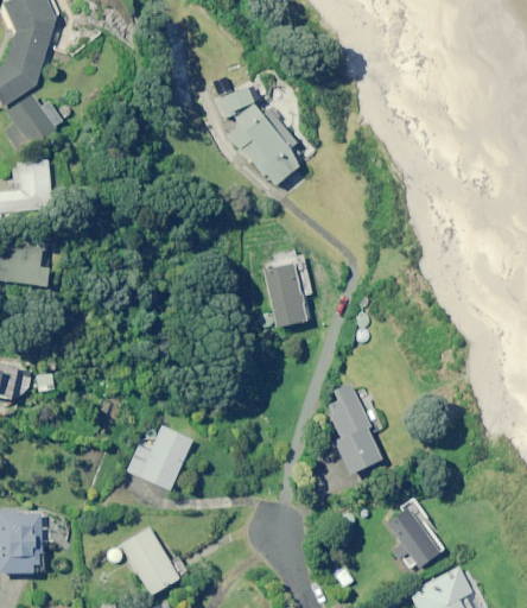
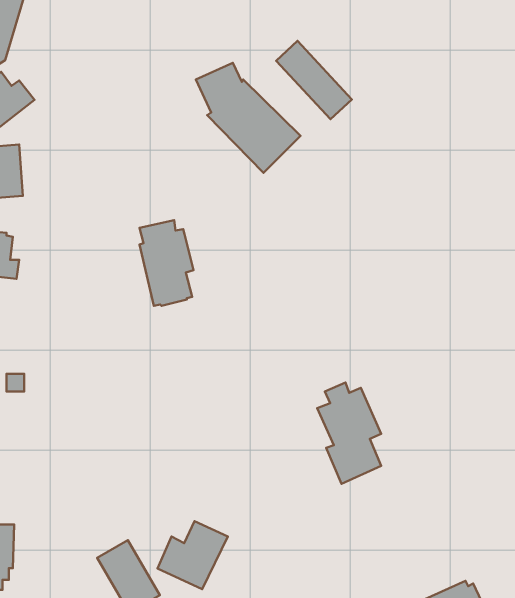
building: none -> [276,41,352,119]
building: [264,248,313,328] -> [140,220,193,306]
building: [128,428,193,490] -> [157,521,228,589]
building: [385,496,446,571] -> none

